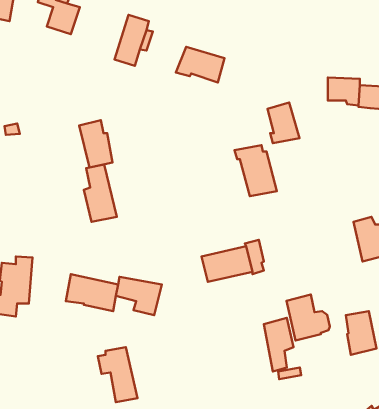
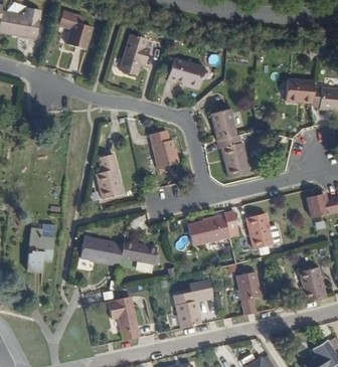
building: [268,102,300,143] -> [210,108,235,140]
building: [79,120,112,168] -> [150,128,176,165]
building: [286,294,330,340] -> [247,211,282,247]
building: none -> [173,280,212,326]

